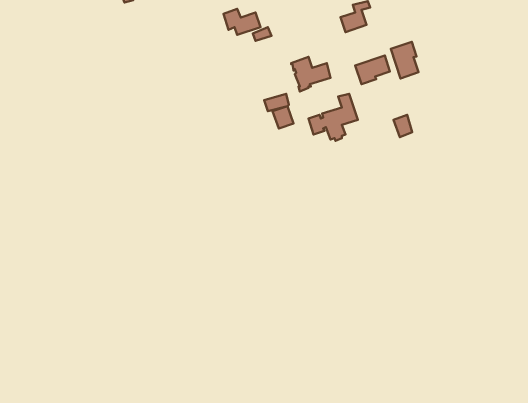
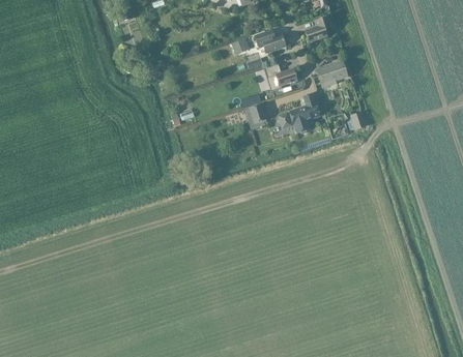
building: [223,9,260,35] -> [254,31,285,53]
building: [391,42,419,79] -> none

